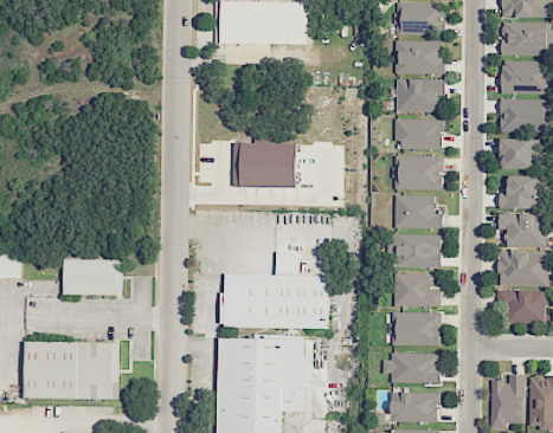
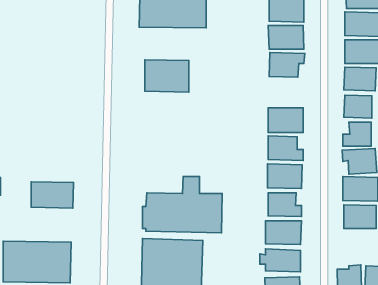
building: [397,118,443,149] -> none
building: [233,142,295,187] -> [145,60,189,92]

